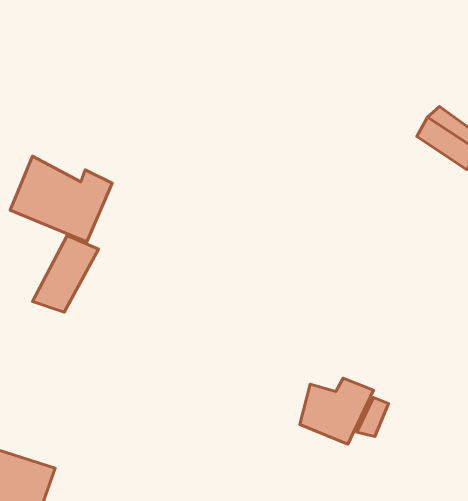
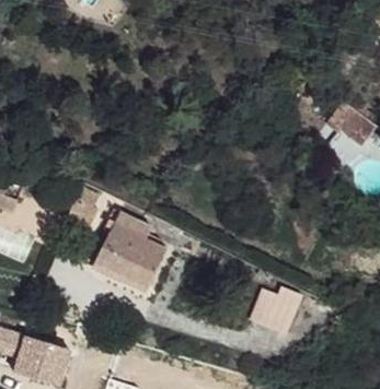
building: [10,156,112,242] -> [99,231,173,293]

